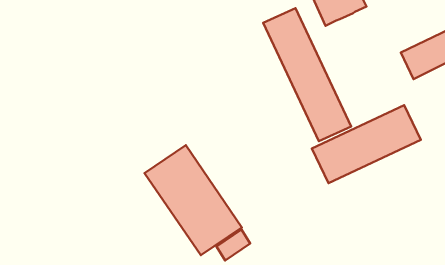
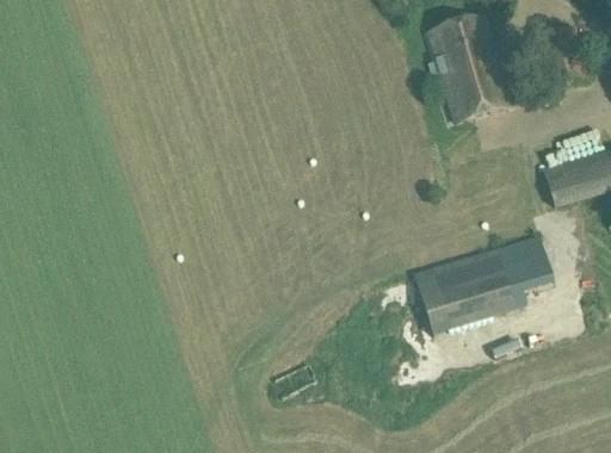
building: [263,8,351,141] -> none
building: [145,145,242,255] -> none

